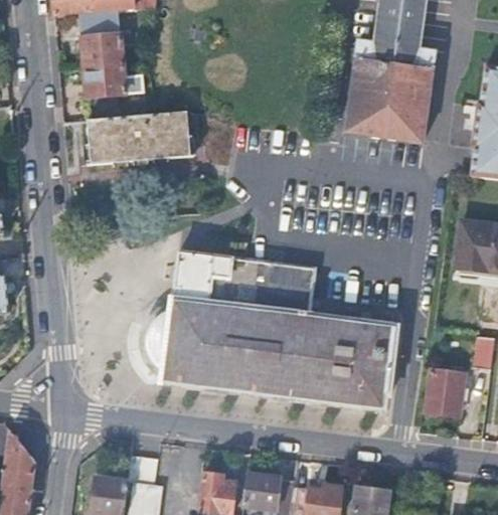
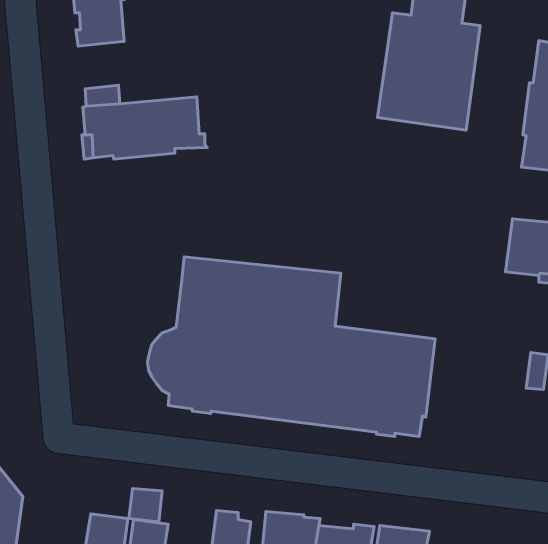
building: [82,64,135,98] -> none
building: [424,363,464,415] -> none

